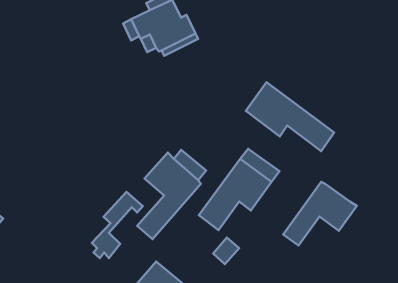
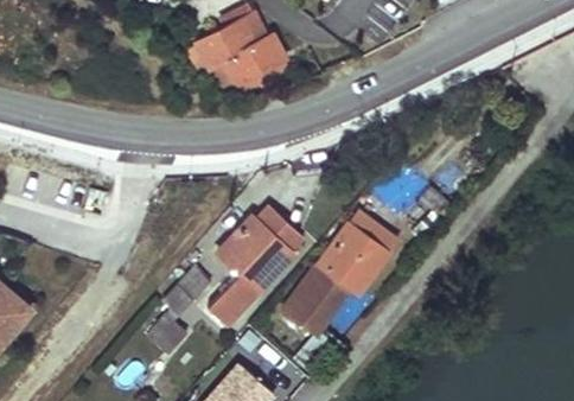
building: [246,82,334,151] -> none
building: [283,182,357,246] -> none

